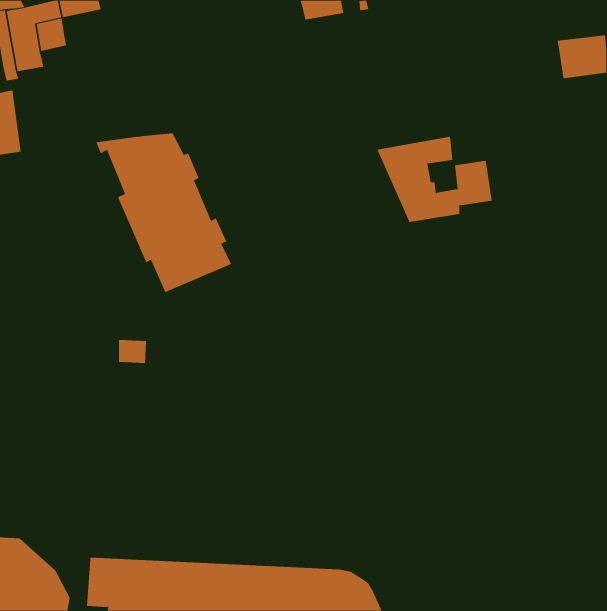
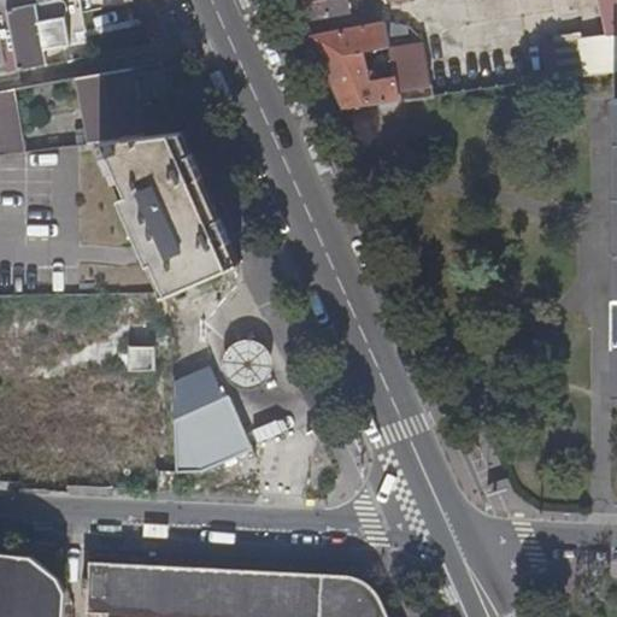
building: none -> [80,70,140,145]
building: [377,136,493,222] -> [312,24,429,111]
building: none -> [216,336,262,380]
building: none -> [172,369,251,474]

